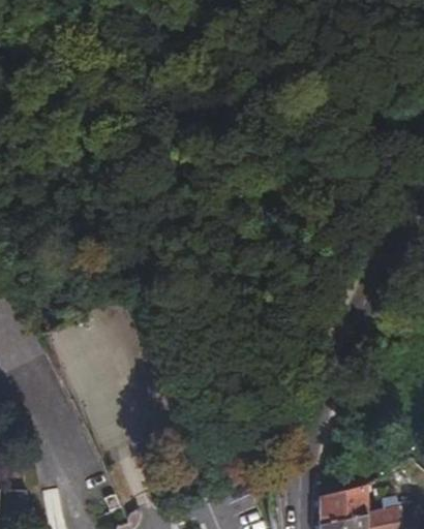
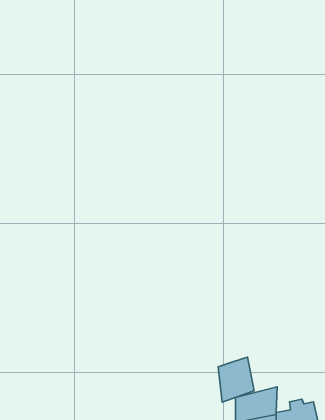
building: none -> [218,357,254,402]

